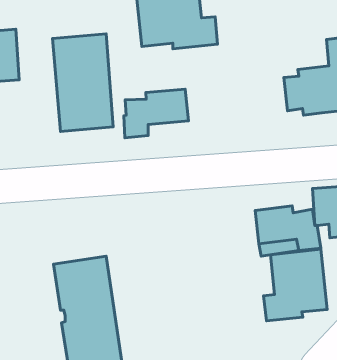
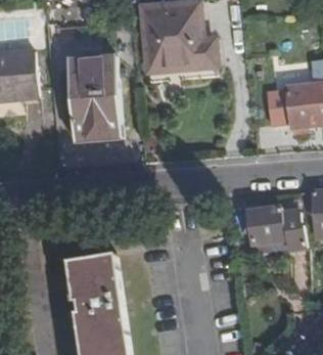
building: [124,89,188,138] -> none
building: [263,249,327,321] -> none

